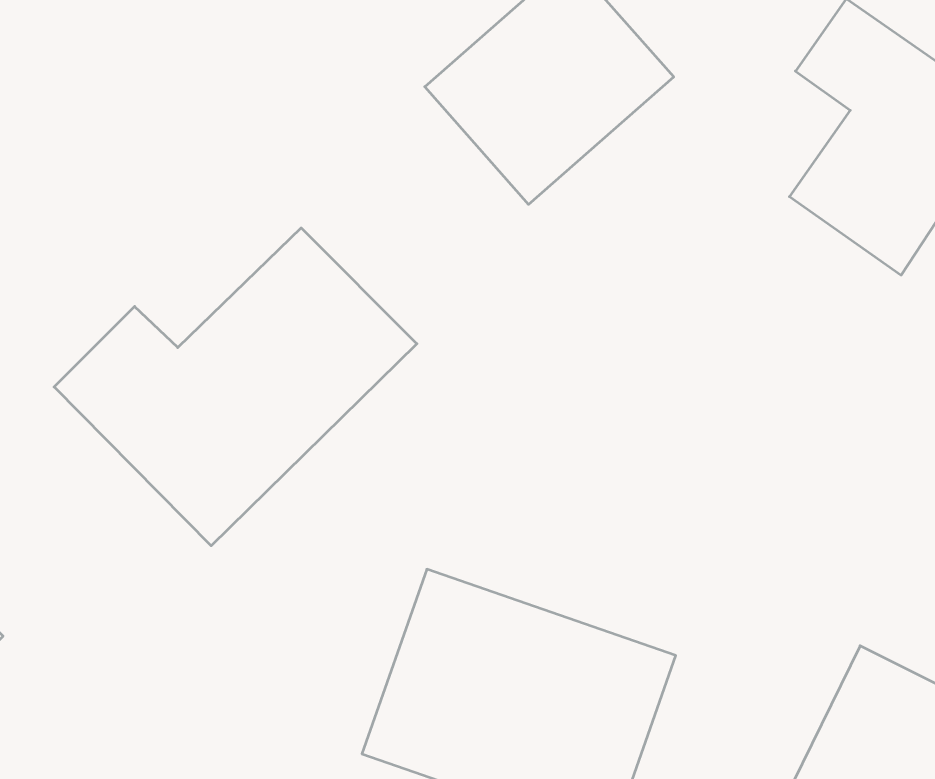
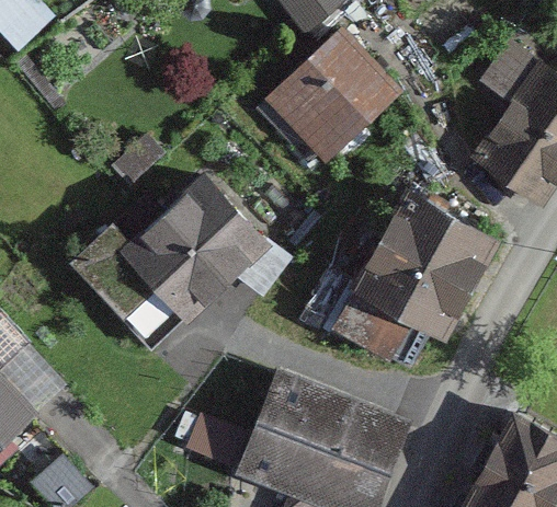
building: none -> [334,196,496,376]

